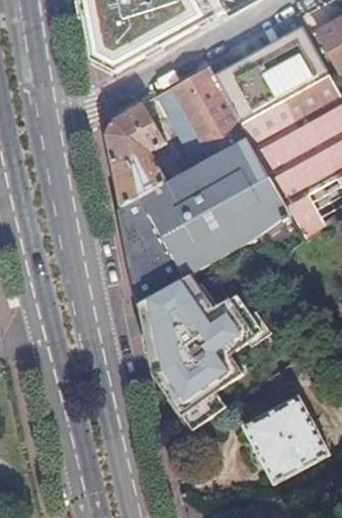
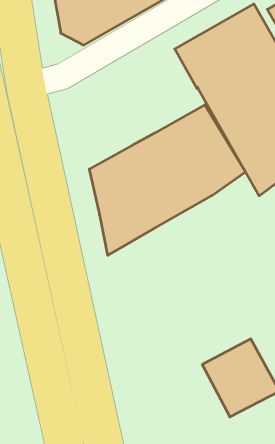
building: [152,65,246,167] -> none
building: [102,100,165,206] -> none
building: [138,272,262,428] -> none

